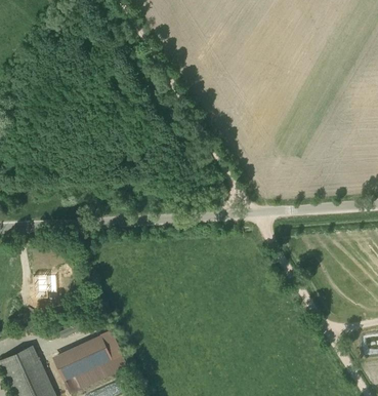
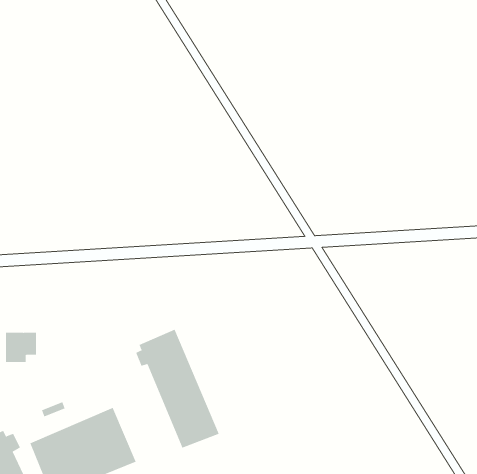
building: none -> [136,329,219,449]

